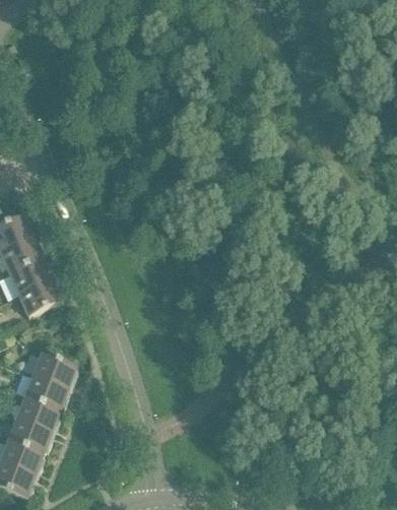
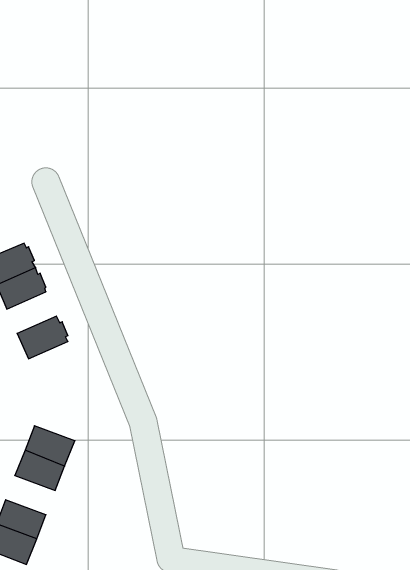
building: [7,257,51,294] -> none
building: [31,353,75,388] -> none
building: [6,419,50,453] -> none

